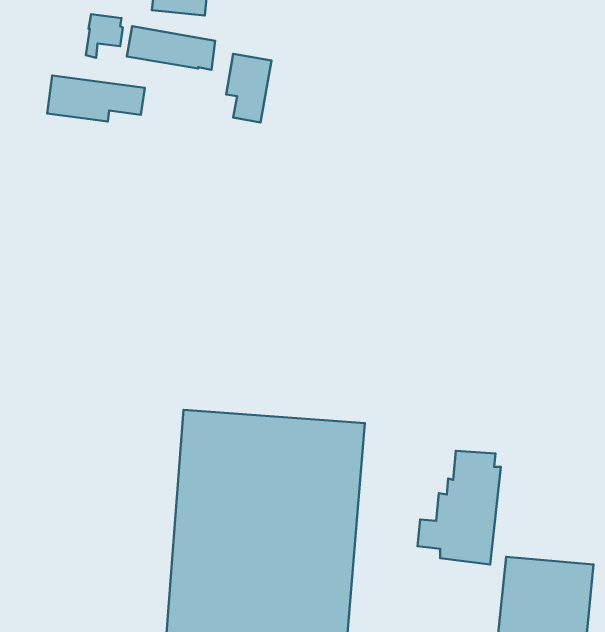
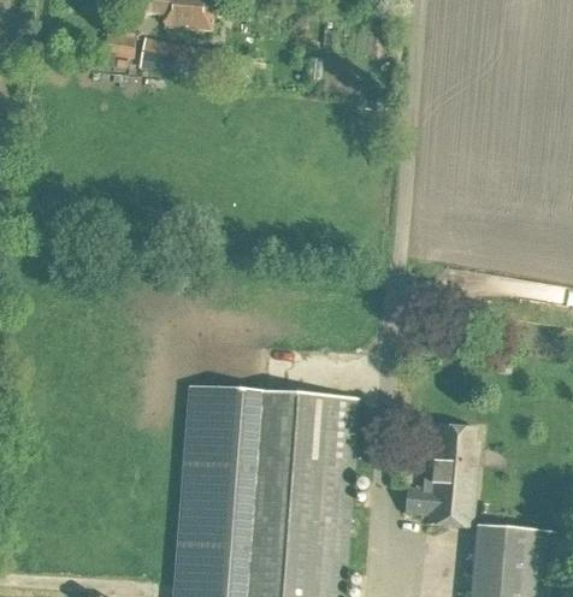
building: [226,54,271,123] -> none
building: [47,76,145,121] -> none

